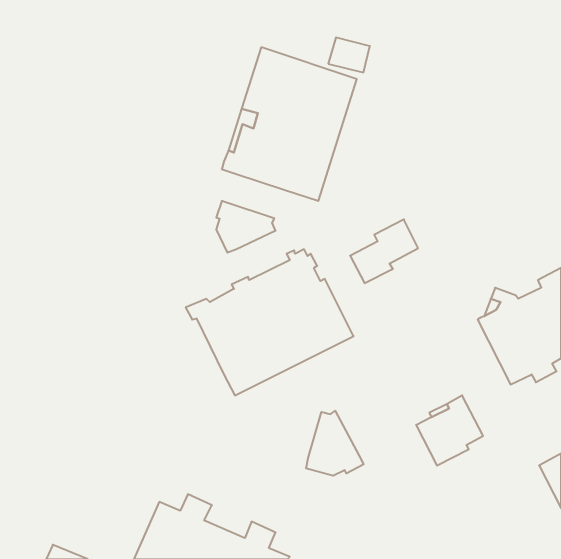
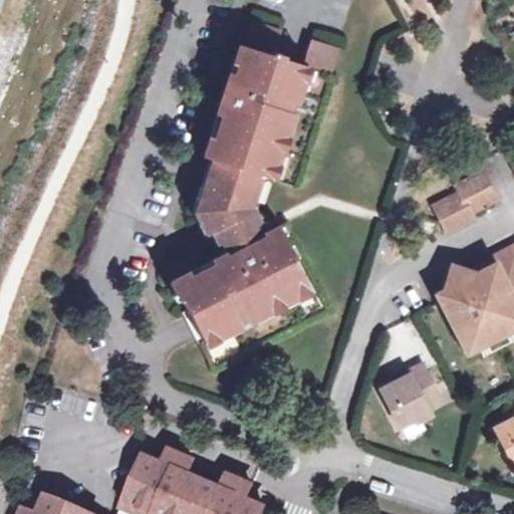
building: none -> [206,159,260,200]
building: [350,219,418,283] -> [434,172,496,230]
building: none -> [216,211,265,256]
building: [306,411,364,476] -> none

